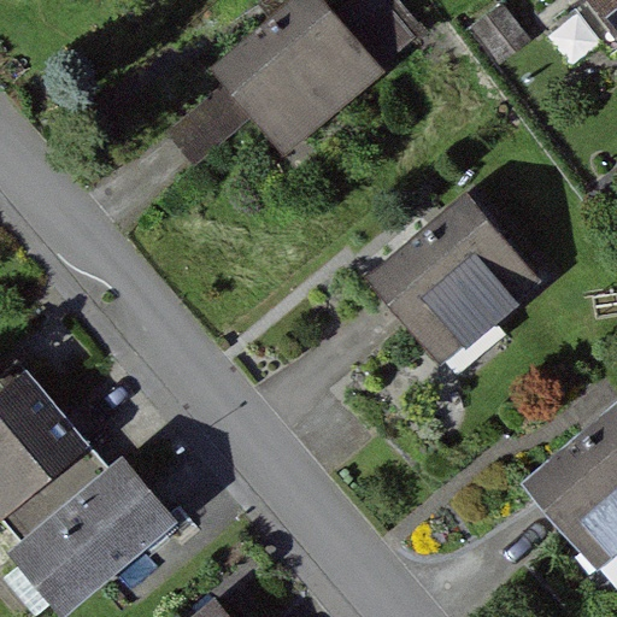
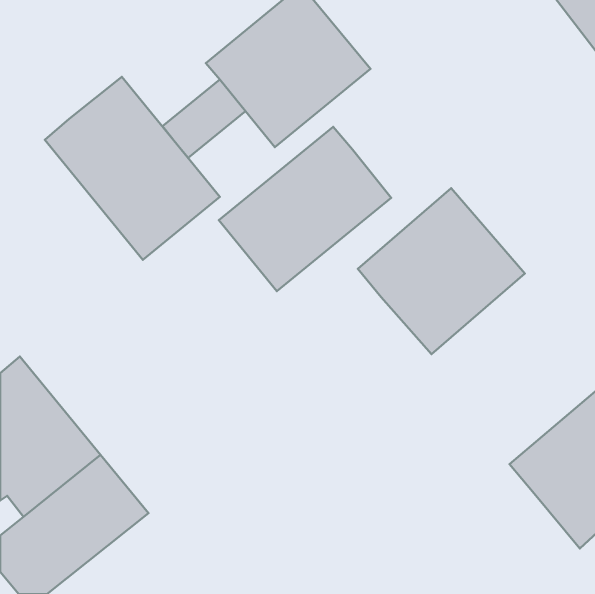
building: none -> [45,77,220,260]
building: none -> [219,127,391,291]

